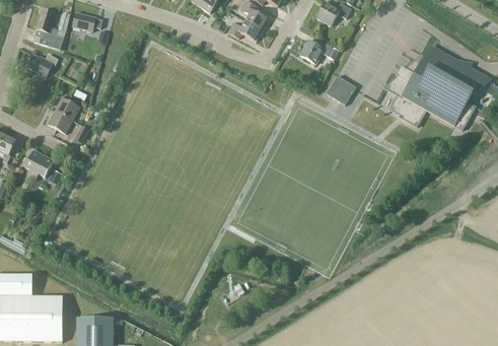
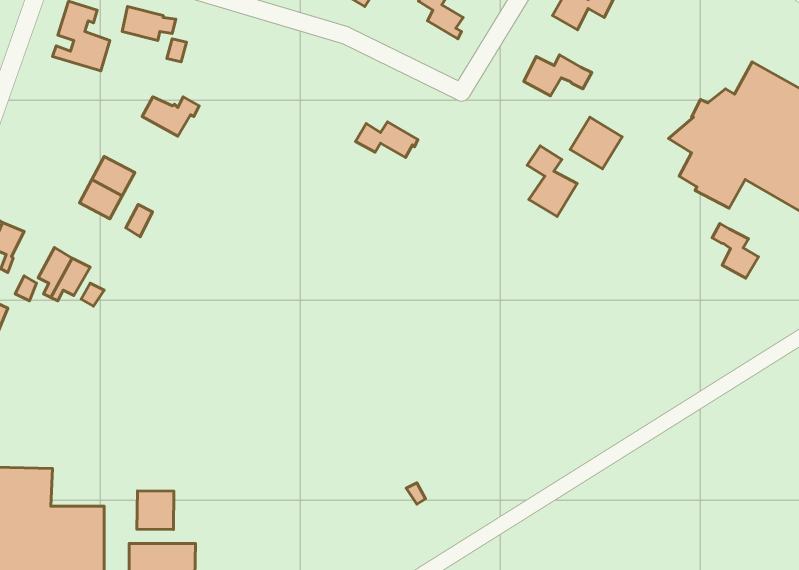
building: [227,20,263,41] -> [356,122,418,157]
building: [25,54,58,76] -> [142,97,199,136]
building: none -> [527,146,577,217]
building: none -> [712,223,758,278]
building: none -> [137,491,174,530]

